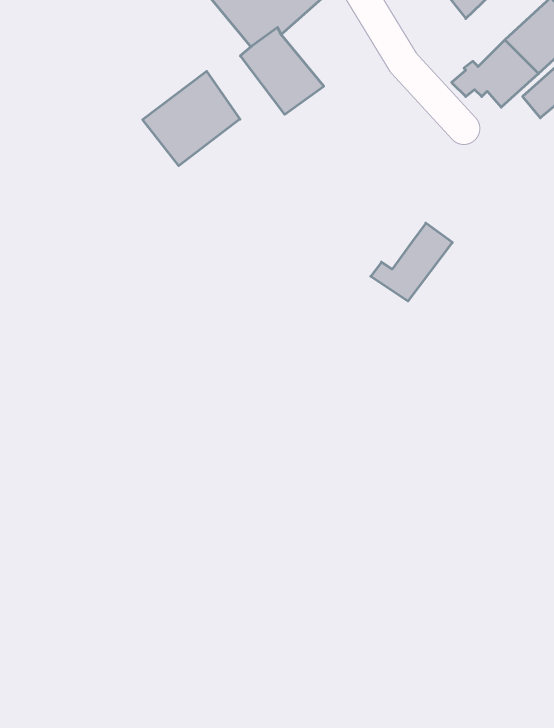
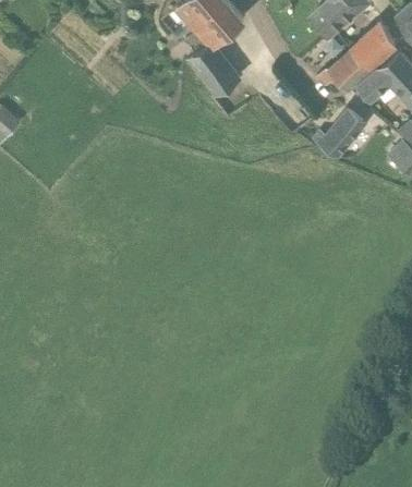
building: [143,71,240,166] -> none
building: [371,223,452,301] -> [314,109,364,157]

